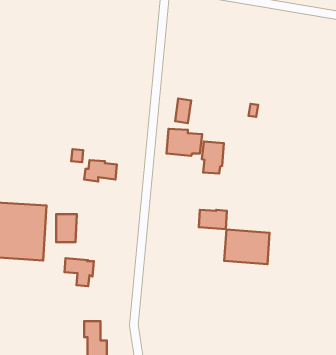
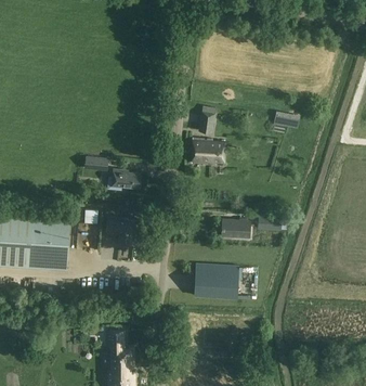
building: [202,141,224,173] -> none
building: [224,230,270,264] -> [193,263,238,298]
building: [64,258,94,286] -> [105,218,134,246]

